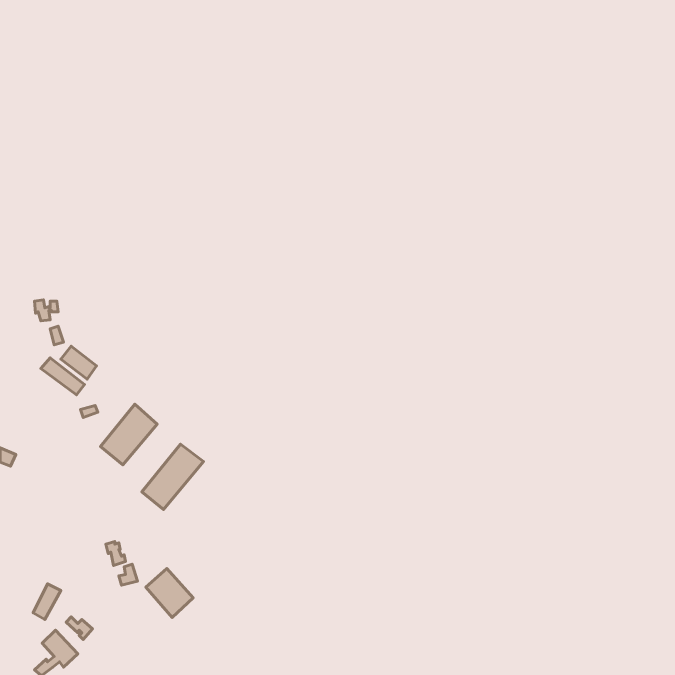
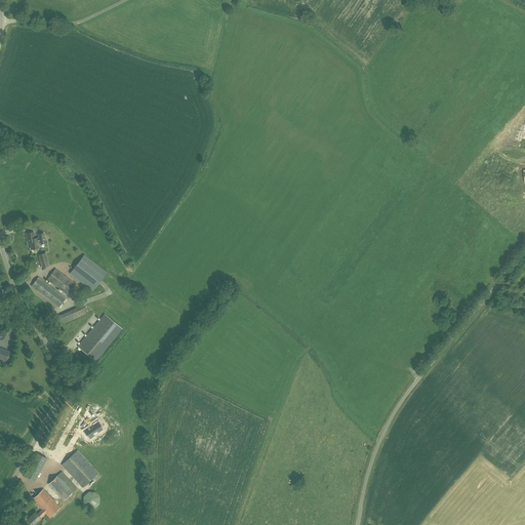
building: none -> [70,255,107,291]
building: [142,444,204,509] -> none
building: [146,569,193,618] -> [62,450,98,488]

